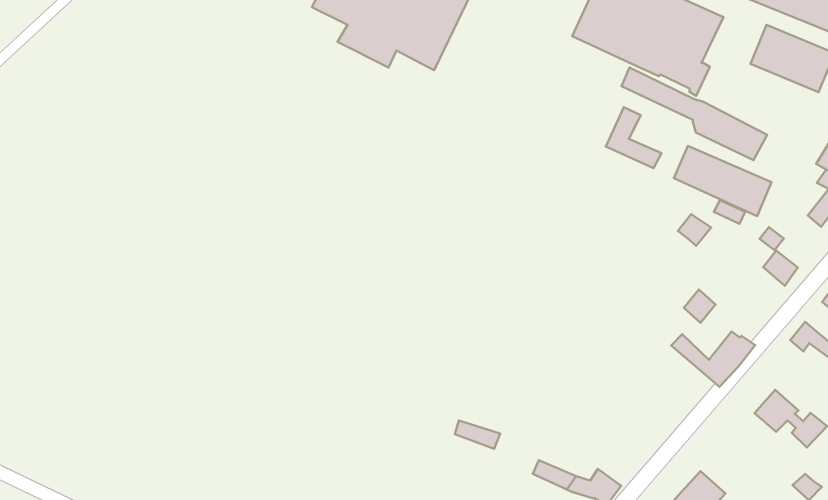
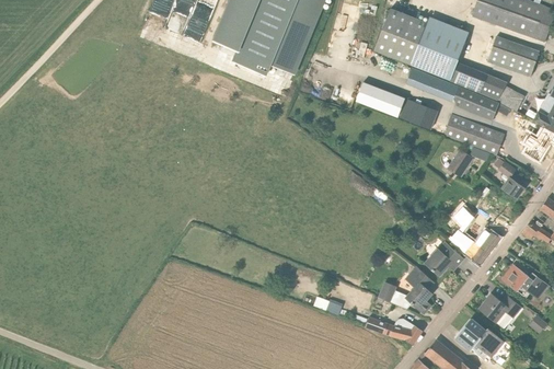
building: none -> [453,64,523,111]
building: none -> [356,78,405,112]
building: none -> [426,242,463,275]
building: none -> [379,268,434,313]
building: none -> [480,292,523,327]

